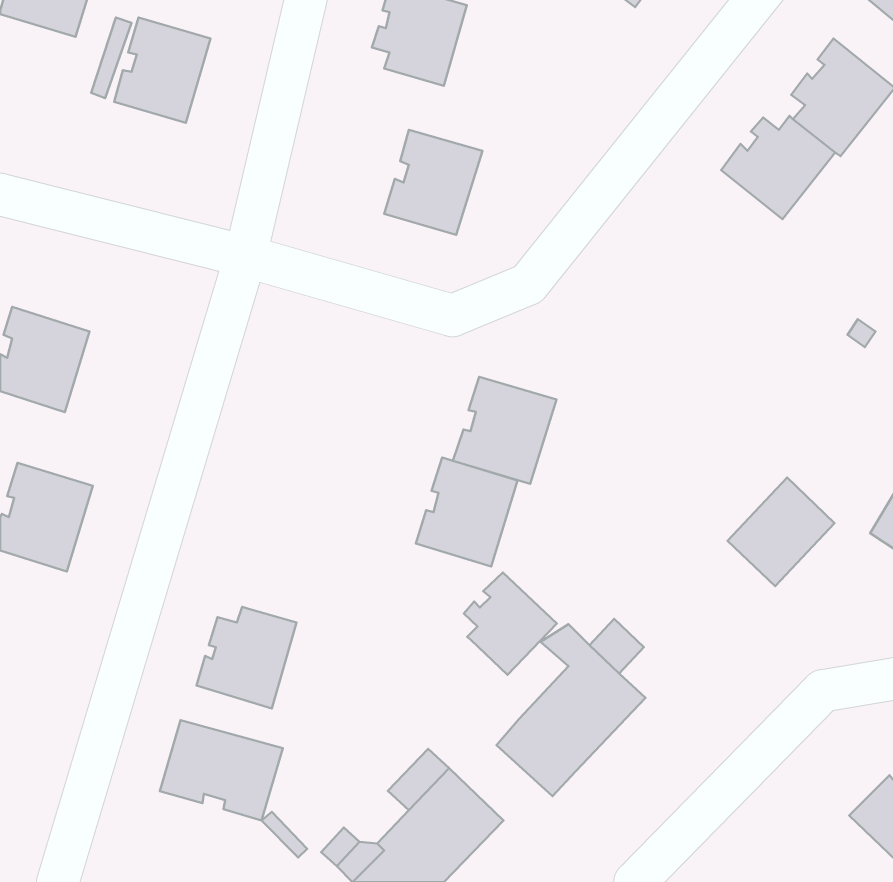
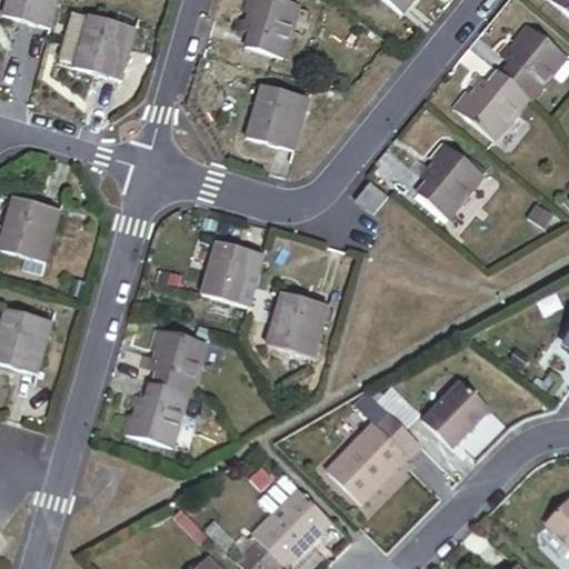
building: none -> [420,140,488,217]
building: [453,377,556,484] -> [202,248,268,316]
building: [728,478,835,586] -> [413,376,481,445]
building: none -> [150,331,210,396]
building: [464,572,557,675] -> none
building: [160,720,283,821] -> none

